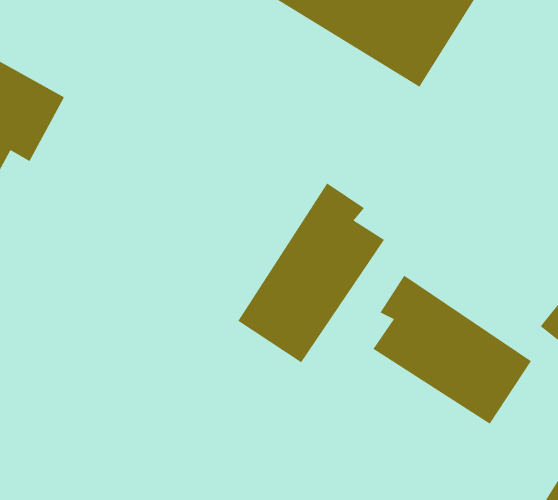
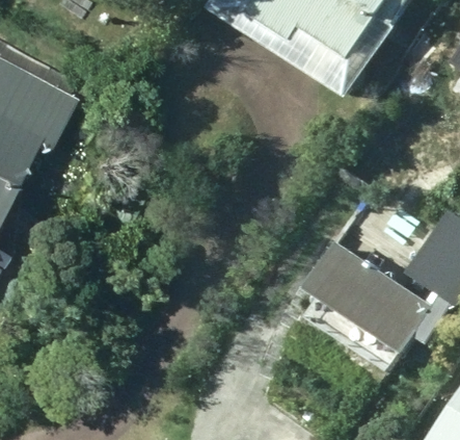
building: [237,182,385,363] -> none

